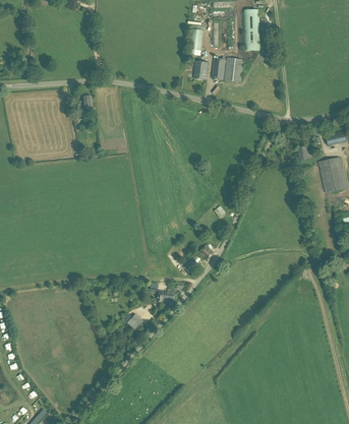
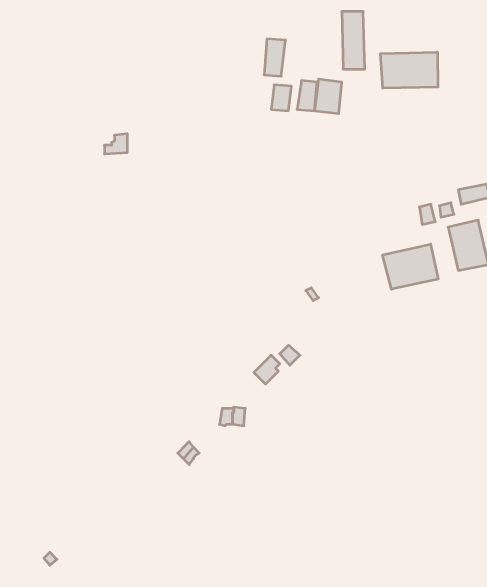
building: none -> [381,52,438,88]
building: none -> [383,244,438,289]

